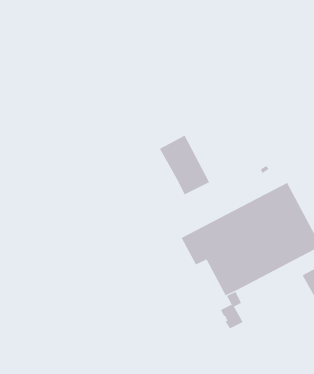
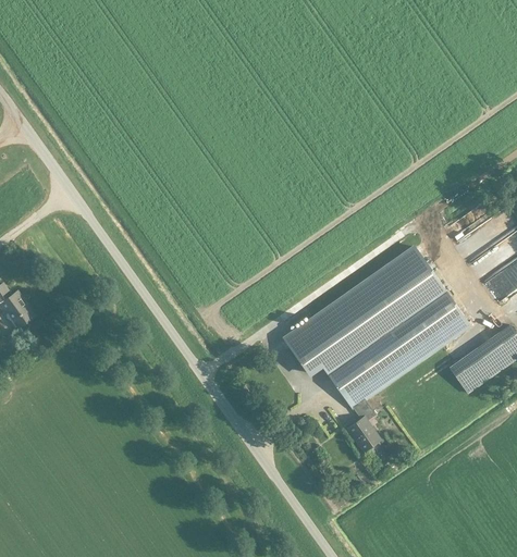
building: [159,135,210,195] -> none

